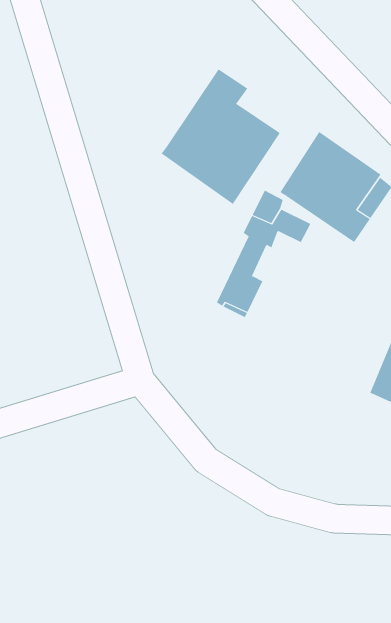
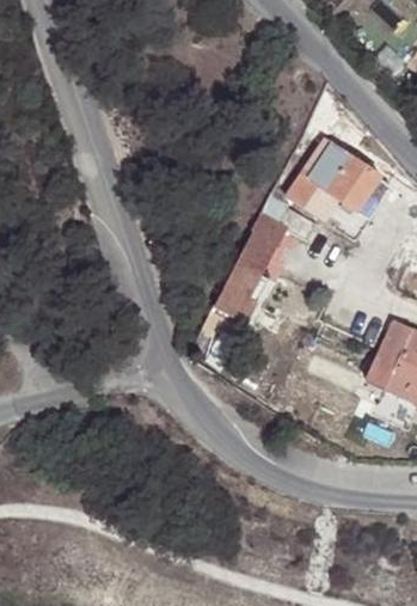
building: [161,68,280,205] -> none

